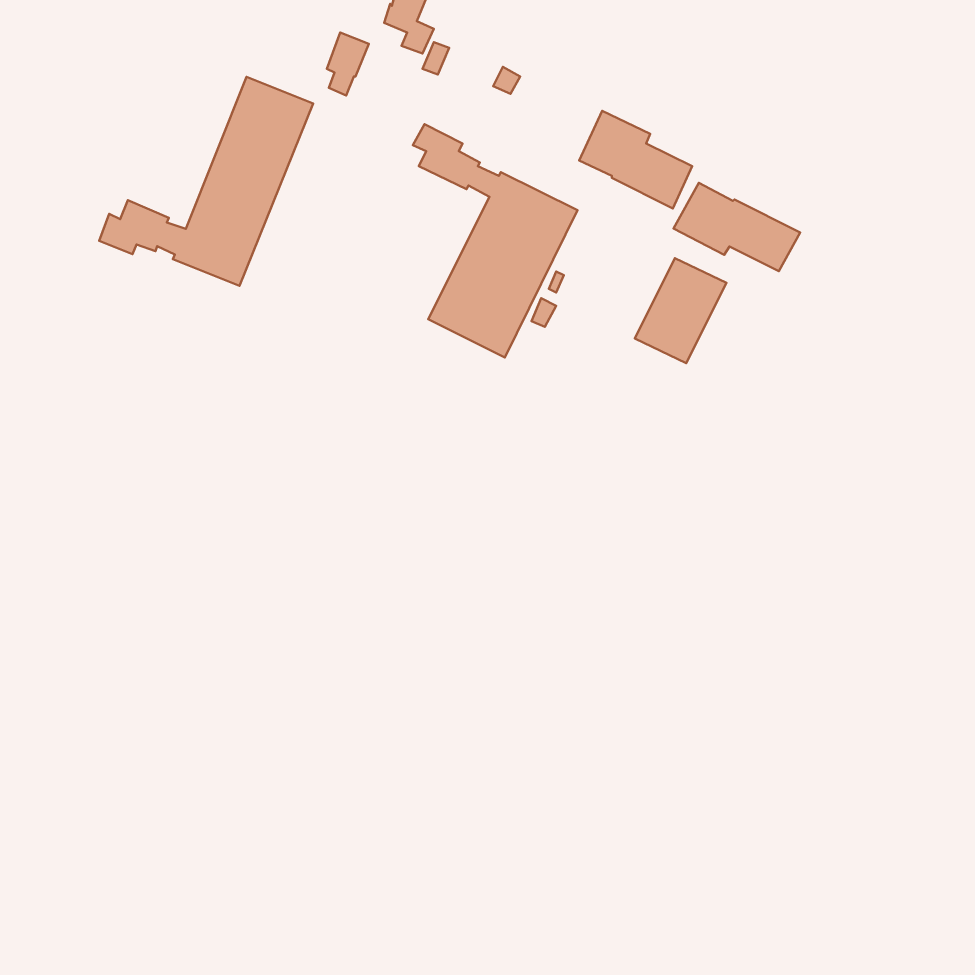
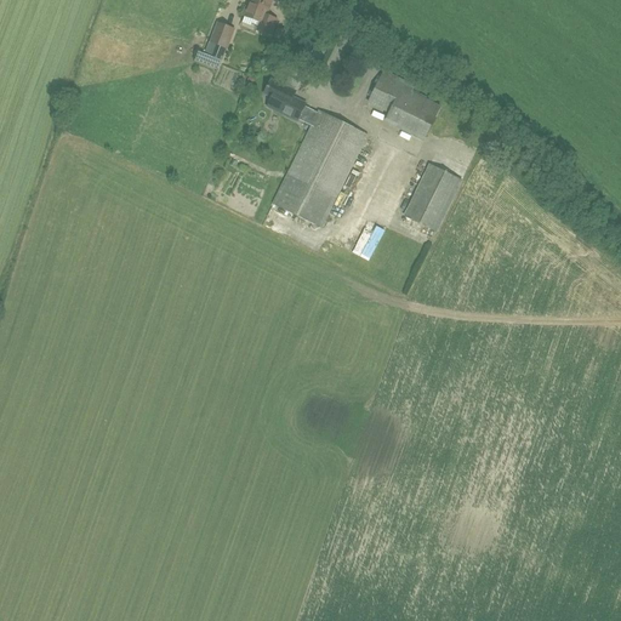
building: [99,77,313,286] -> none
building: [674,183,800,271] -> none

